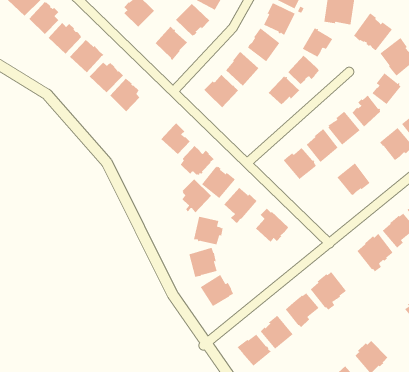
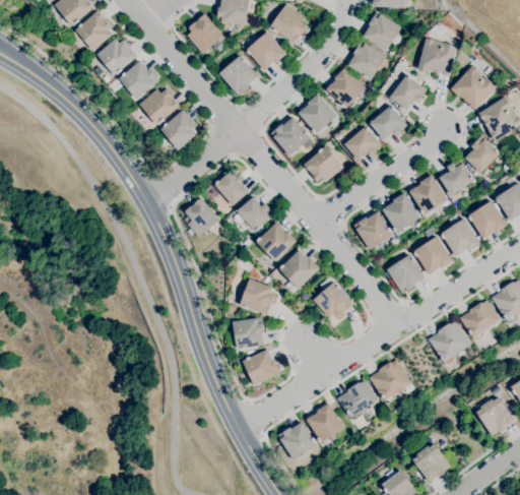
building: none -> [303,145,343,182]
building: none -> [441,219,479,256]
building: [182,178,212,213] -> [184,197,219,238]
building: none -> [386,254,425,295]

